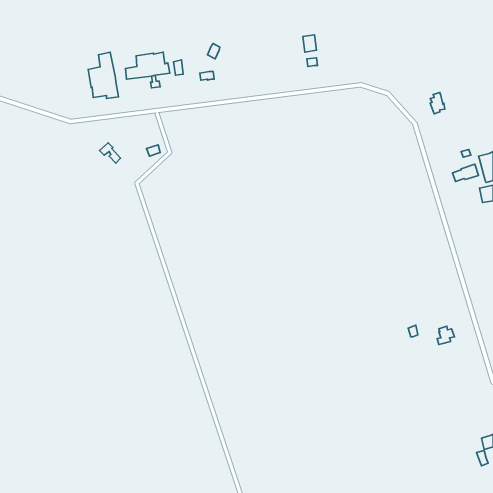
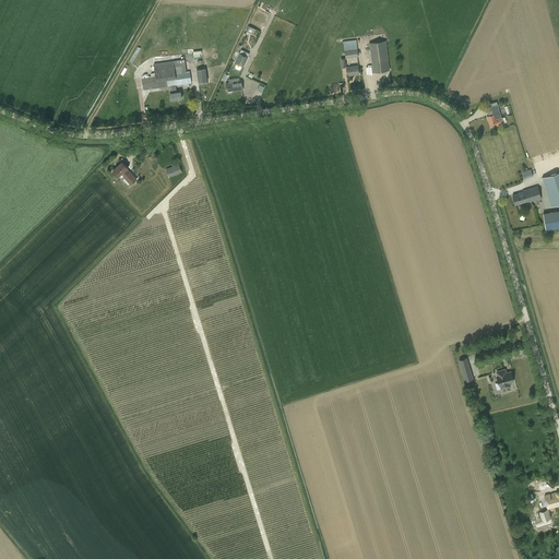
building: none -> [369,40,390,72]
building: [88,52,119,99] -> none

